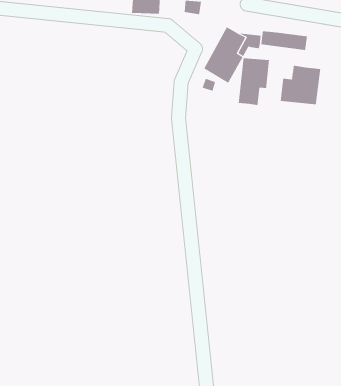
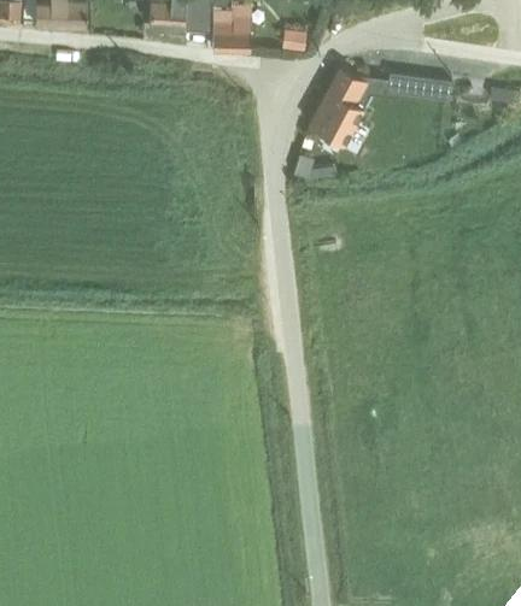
building: [238,58,269,106] -> none
building: [280,65,321,105] -> none

